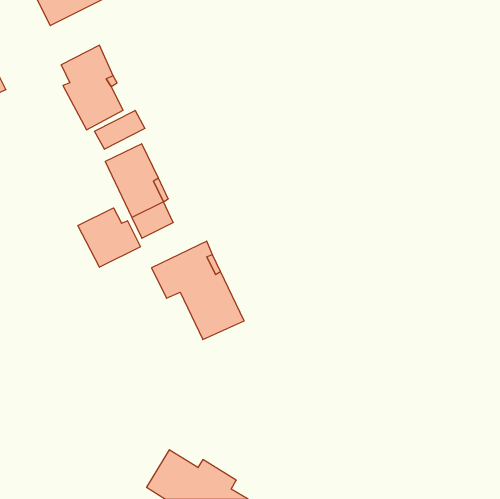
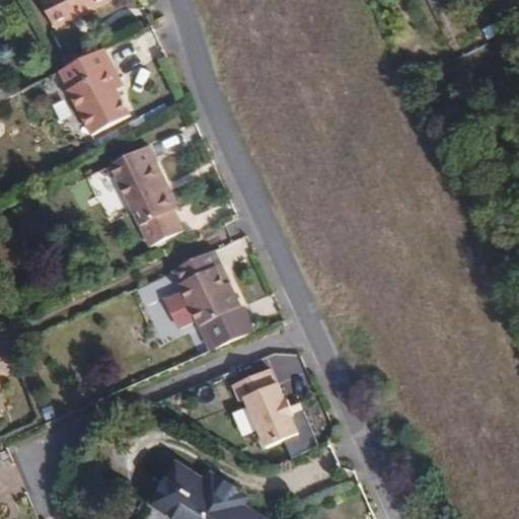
building: [95,110,145,149] -> none
building: [78,208,140,267] -> none
building: none -> [231,369,297,447]

